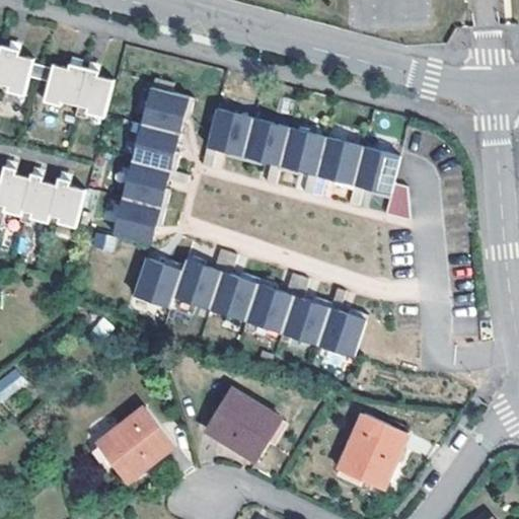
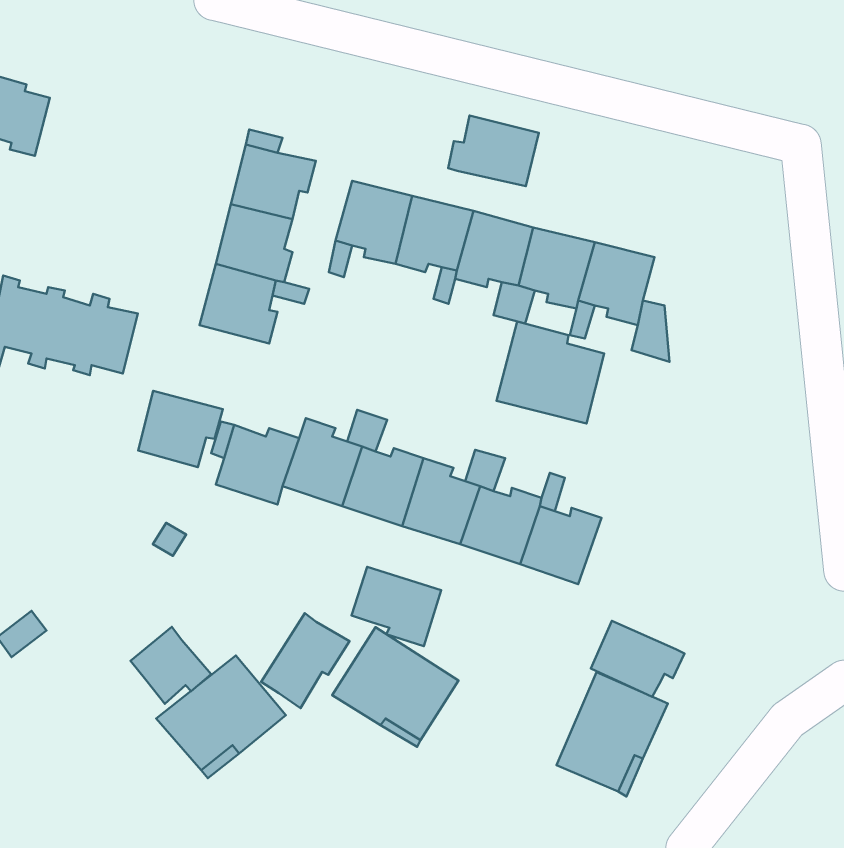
building: [43,66,113,120] -> none
building: none -> [448,115,539,186]
building: none -> [497,322,604,423]
building: [113,199,164,245] -> [138,391,223,467]
building: none -> [352,567,441,646]
building: none -> [261,613,349,708]
building: none -> [591,621,684,697]
building: none -> [131,627,211,704]

